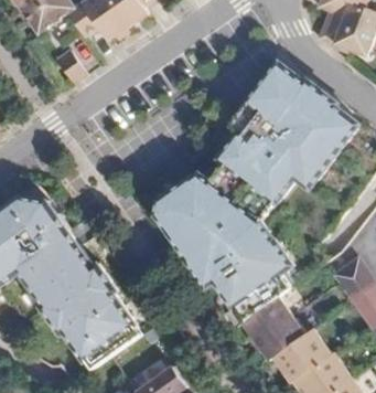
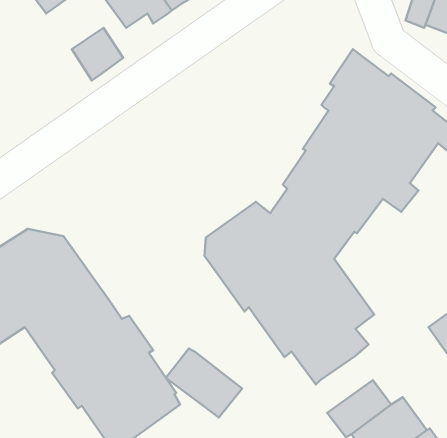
building: none -> [166,349,242,418]
building: [241,297,290,341] -> none

